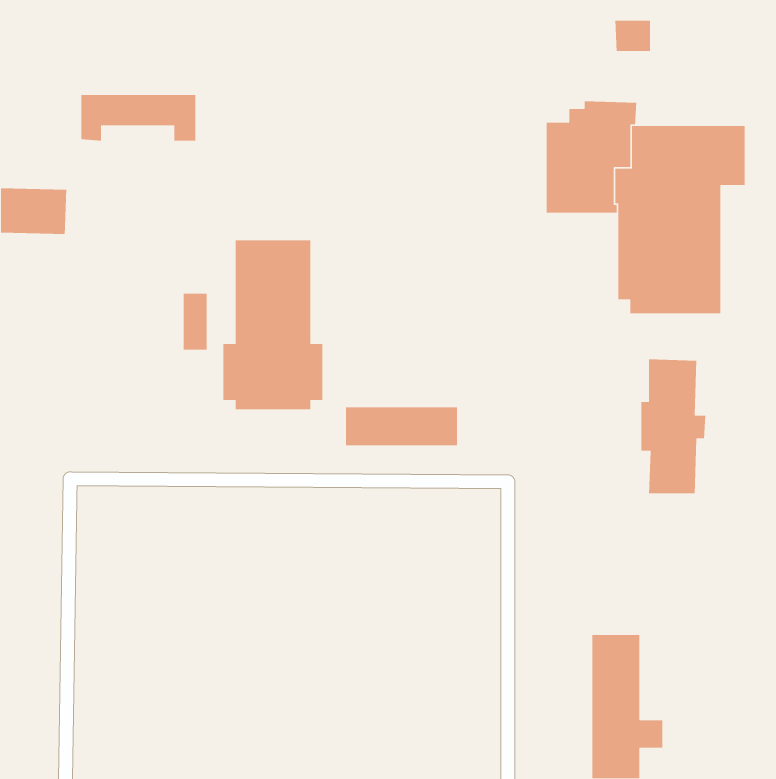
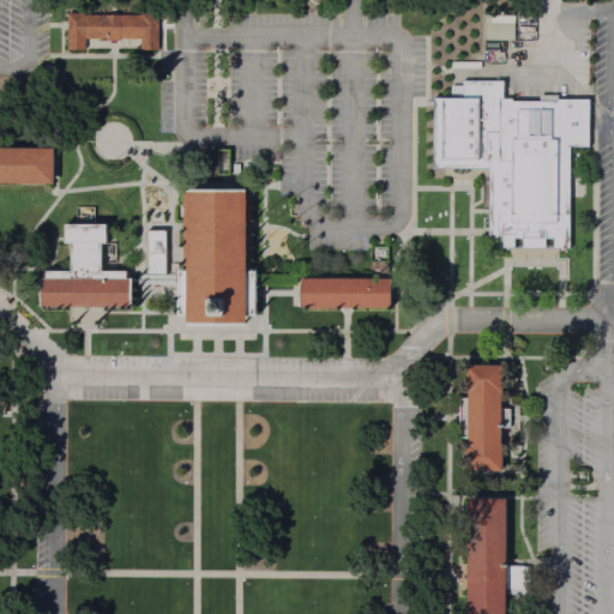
building: [80,94,196,141] -> [68,13,159,50]
building: none -> [40,224,133,308]
building: [641,359,706,494] -> [459,365,511,471]
building: [345,406,458,446] -> [302,278,391,309]

